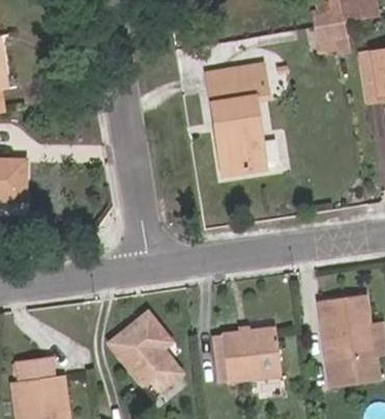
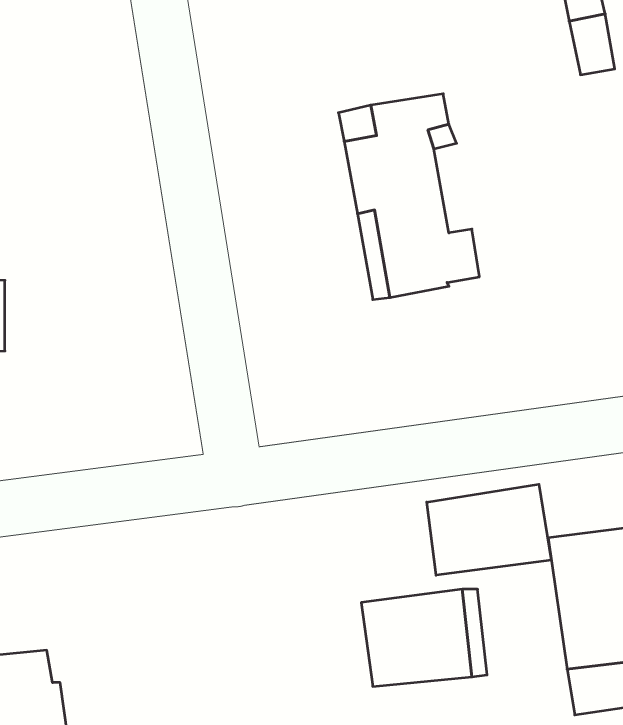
building: none -> [427,484,551,575]
building: [109,315,176,394] -> none

